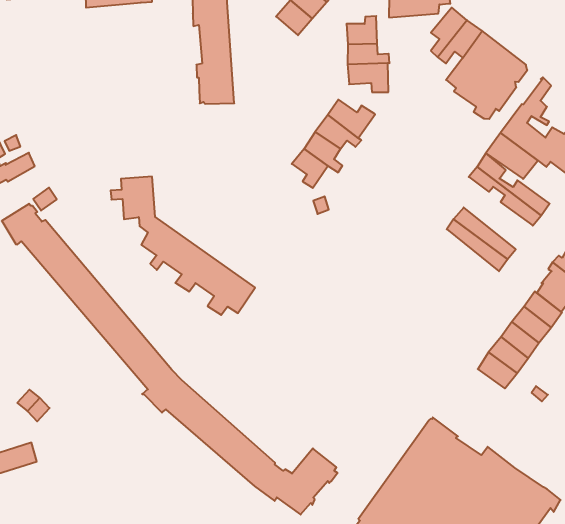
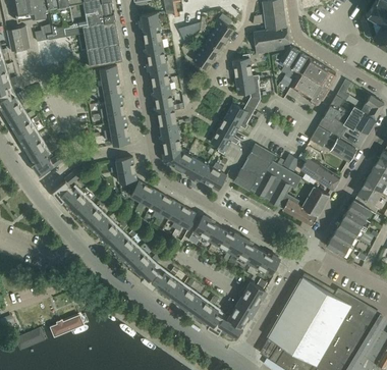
building: none -> [94,65,131,145]
building: none -> [160,120,227,190]
building: none -> [234,143,330,225]
building: none -> [194,215,280,275]
building: none -> [239,280,266,309]

